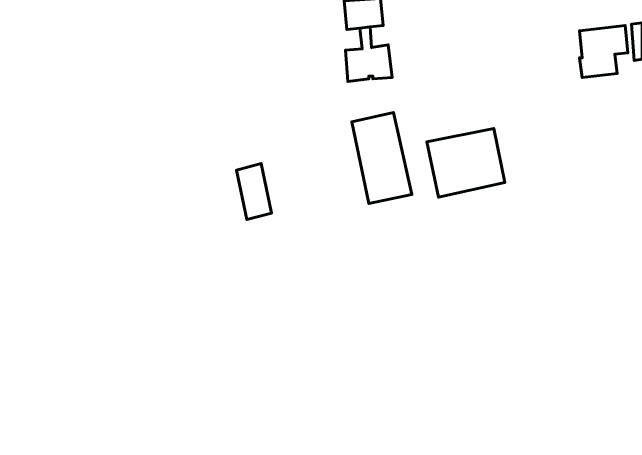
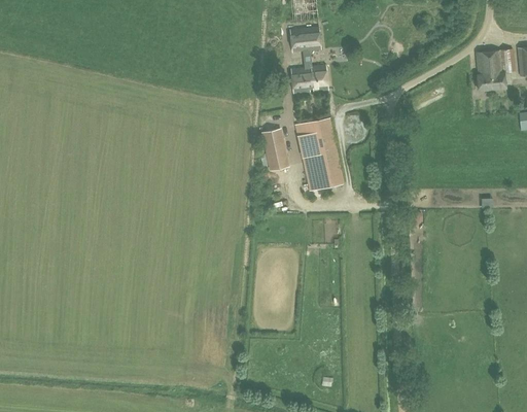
building: [427,129,505,197] -> none
building: [236,164,272,220] -> [261,126,289,170]

